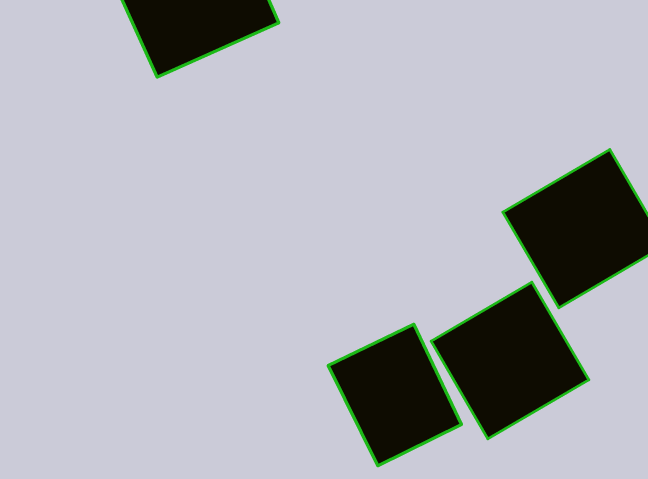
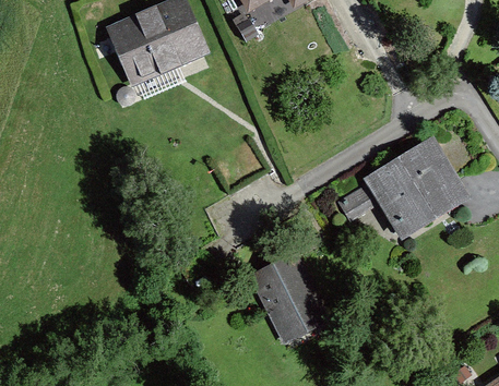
building: [431,282,589,439] -> none

